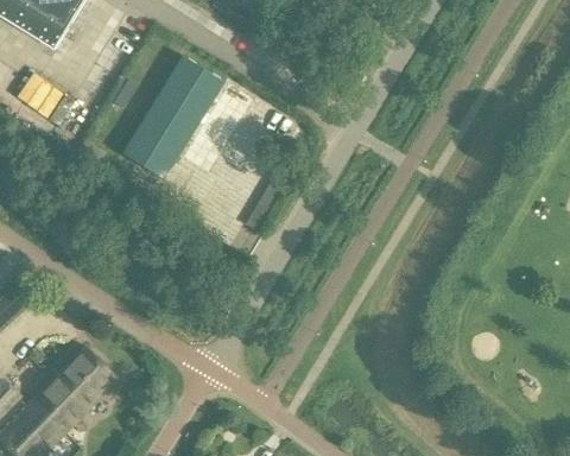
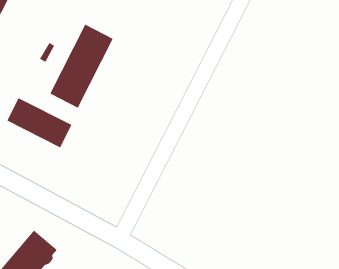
building: none -> [6,97,72,149]

